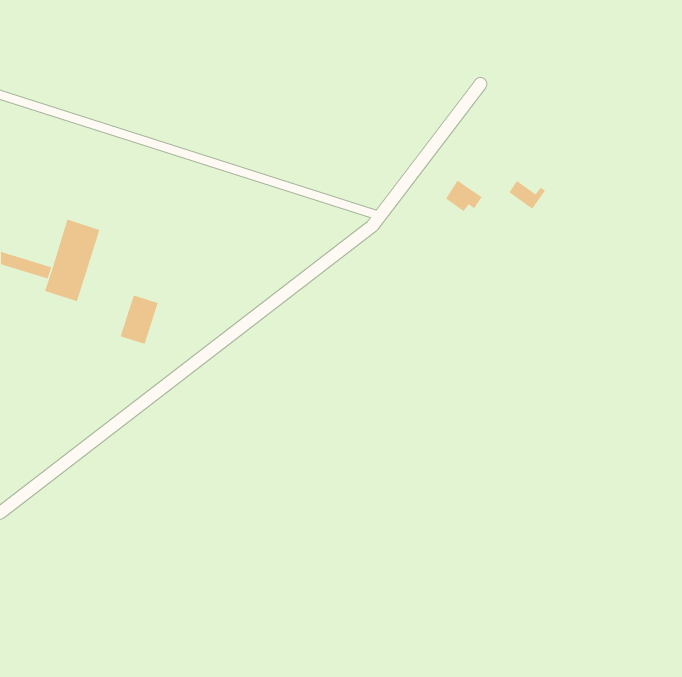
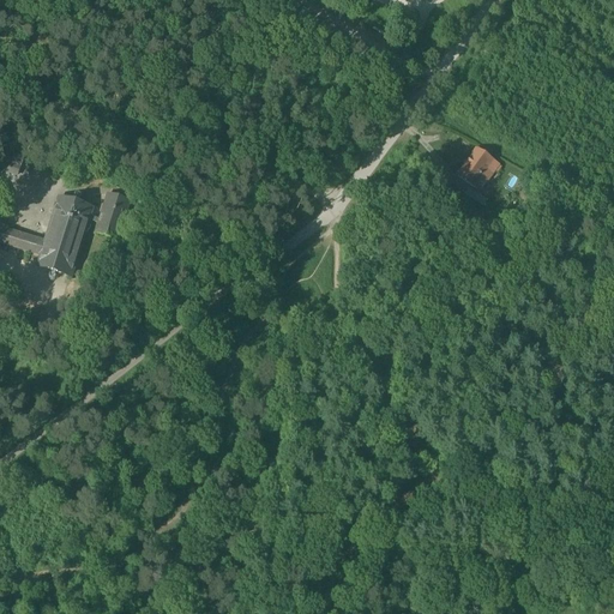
building: [445,180,482,212] -> [464,145,498,174]
building: [120,295,158,344] -> [95,192,130,236]

